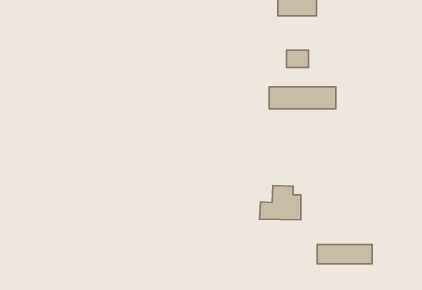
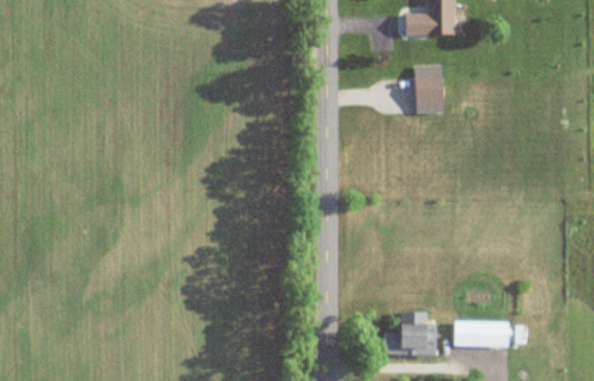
building: [269,87,336,109] -> none
building: [260,185,301,220] -> [384,310,436,353]

